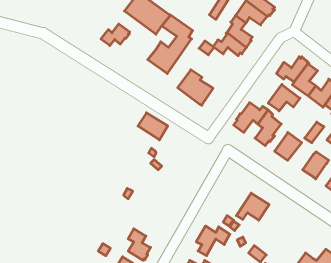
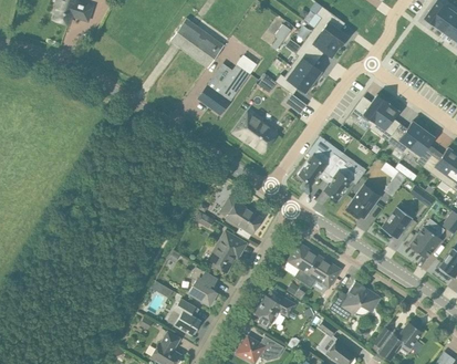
building: [101,24,130,46] -> none
building: [268,84,300,111] -> none
building: [138,113,168,140] -> [227,201,262,233]
building: none -> [210,230,247,272]
building: none -> [288,242,321,282]
building: none -> [189,266,218,305]
building: none -> [329,280,382,320]

